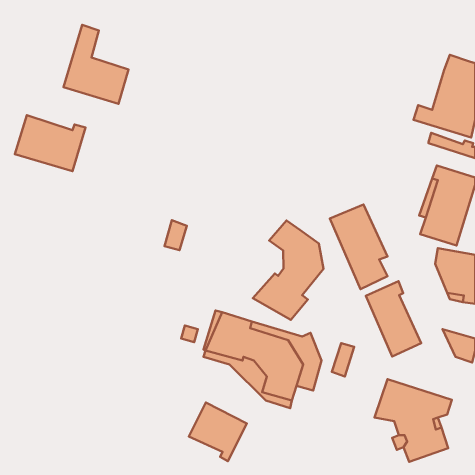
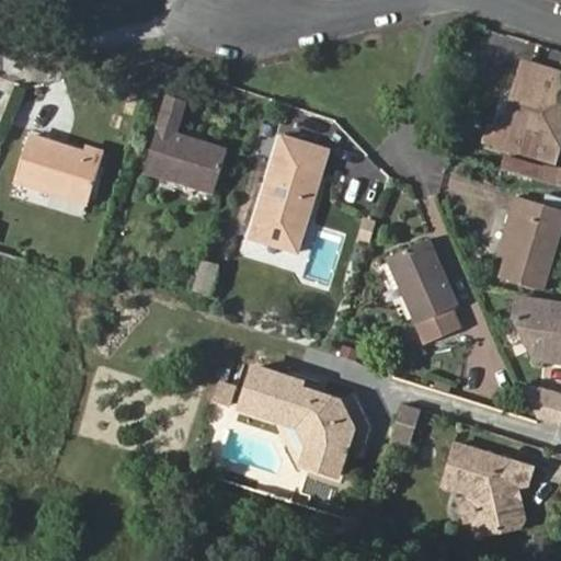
building: [64,25,129,104] -> [147,96,224,190]
building: none -> [252,137,329,251]
building: [253,221,323,320] -> none
building: [366,281,421,356] -> none
building: [189,402,247,461] -> none

